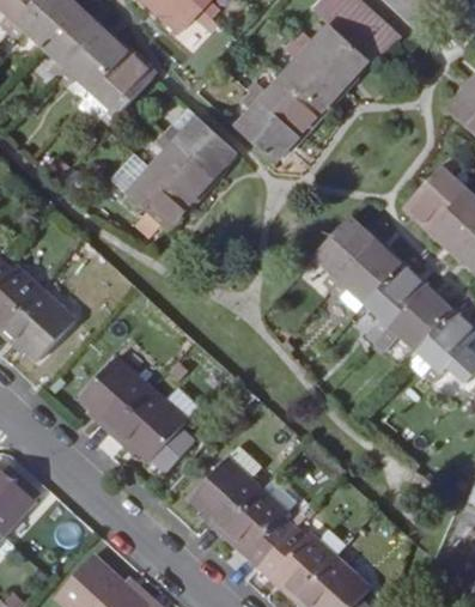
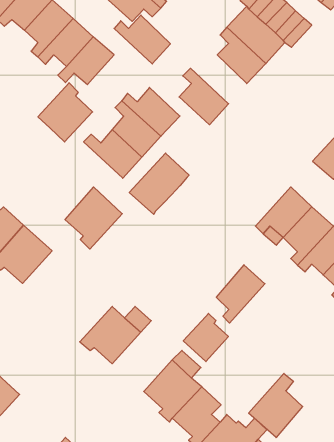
building: [250,75,321,136] -> [114,15,170,64]
building: none -> [38,83,93,142]
building: none -> [129,153,189,214]
building: [315,217,376,290] -> [216,265,265,323]
building: [80,357,152,435] -> [65,187,122,249]
building: none -> [183,313,228,362]
building: none -> [249,373,303,438]

